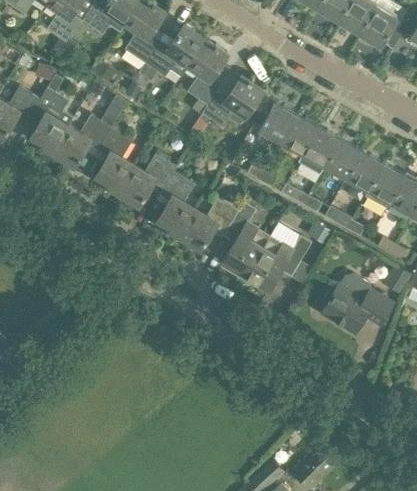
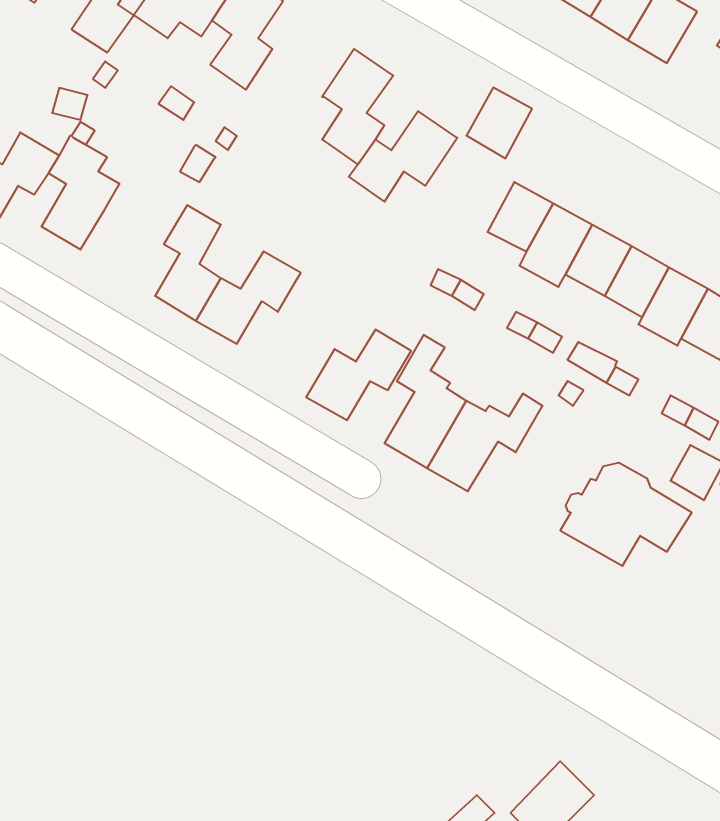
building: [144,26,205,78] -> none
building: [258,104,295,144] -> [466,88,532,159]
building: [51,115,111,167] -> none
building: [156,172,194,237] -> none

